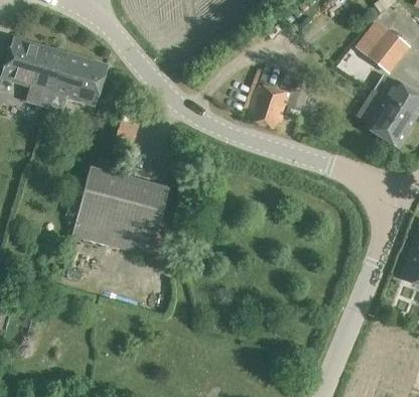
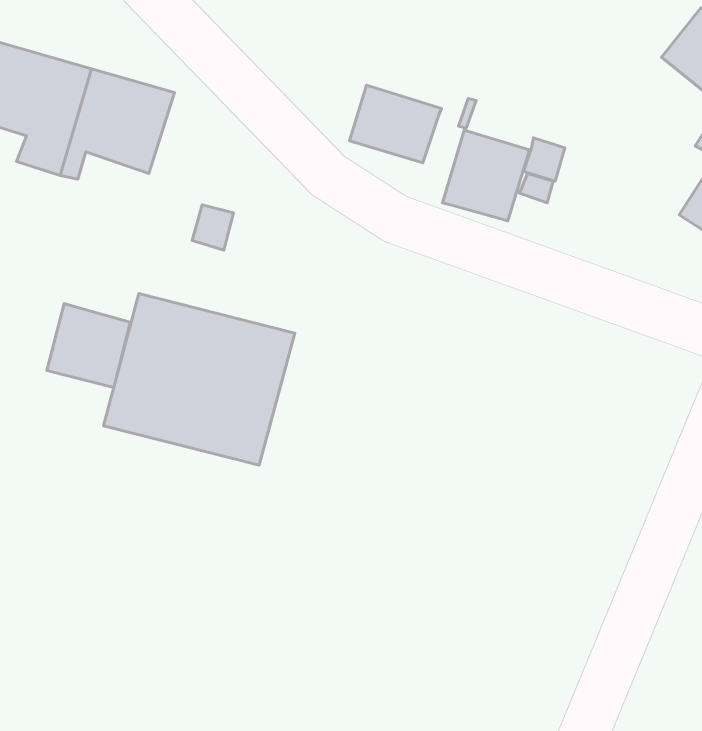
building: none -> [350,85,441,163]
building: none -> [47,304,130,387]

